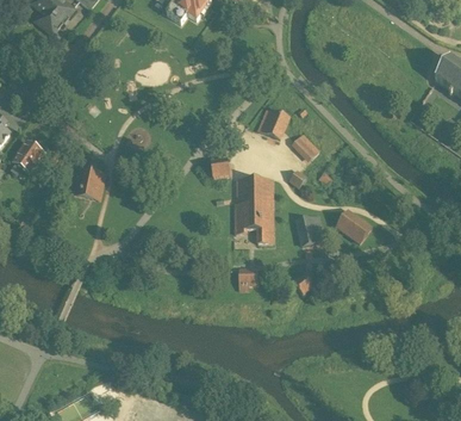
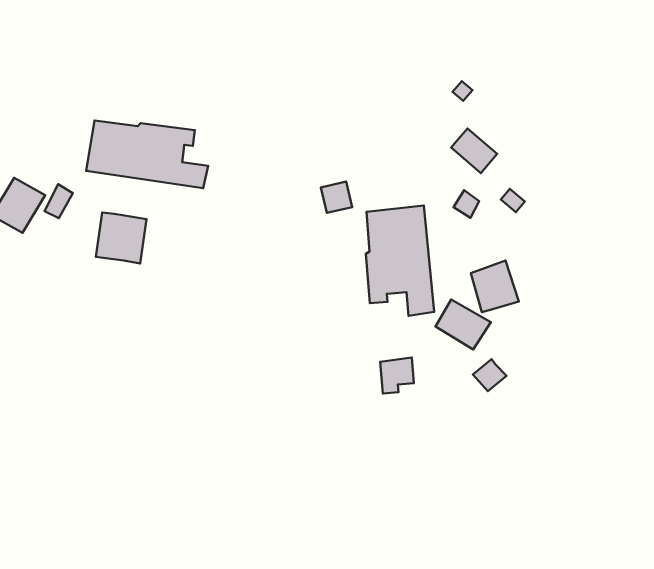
building: [257,107,291,140] -> none
building: none -> [86,121,208,188]
building: [338,212,372,243] -> [436,300,491,350]

